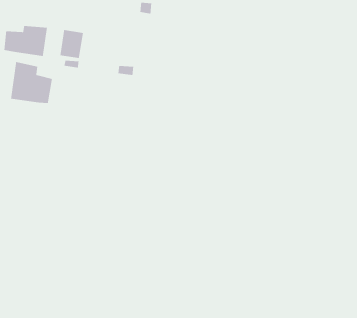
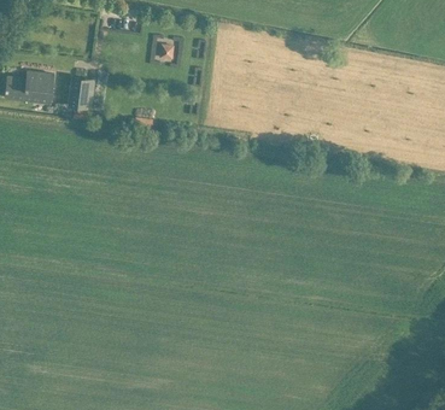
building: [10,61,53,104] -> none

